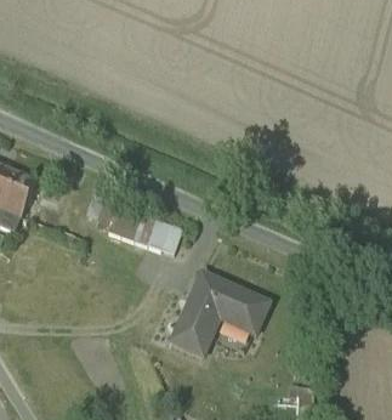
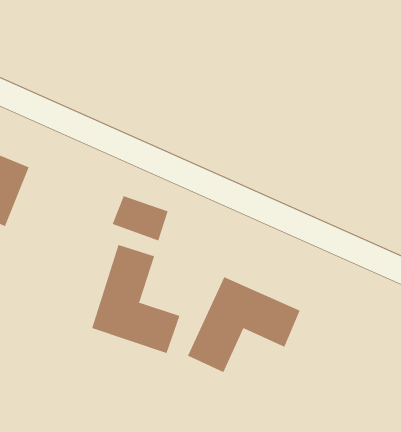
building: [146,216,181,250] -> none
building: none -> [92,244,180,354]

